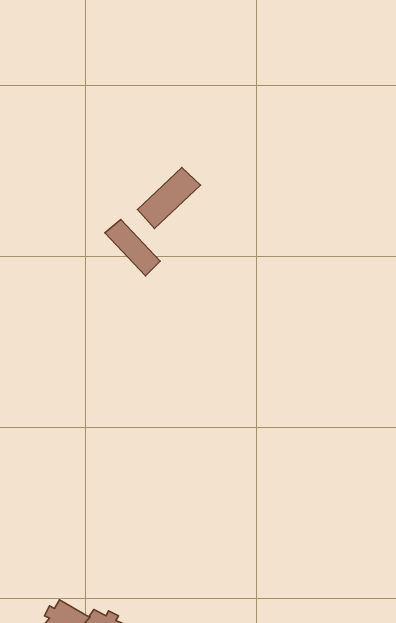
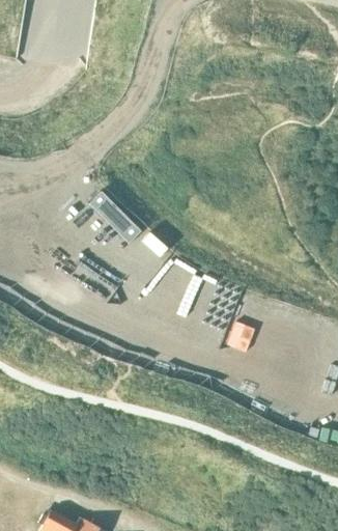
building: [137,168,200,228] -> none

